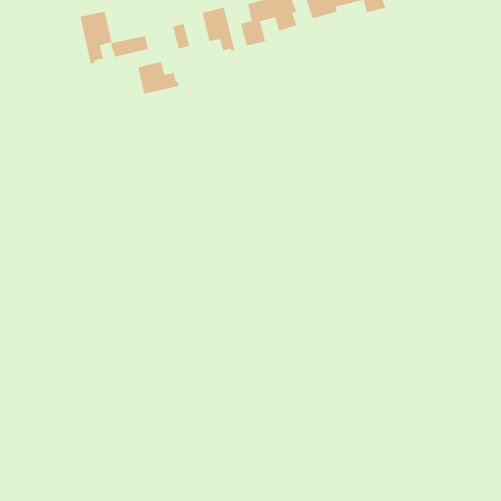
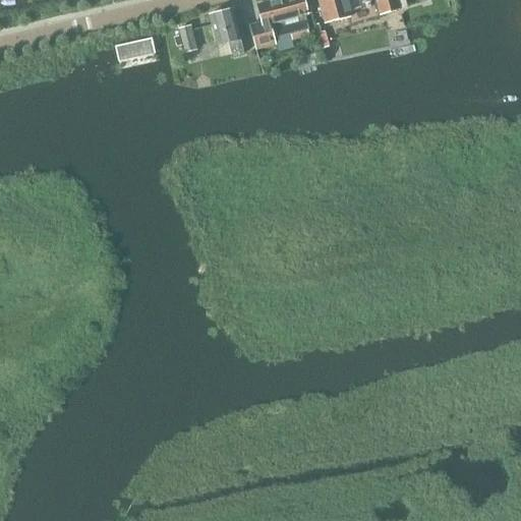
building: [80,11,112,64] -> none
building: [138,61,179,94] -> none

